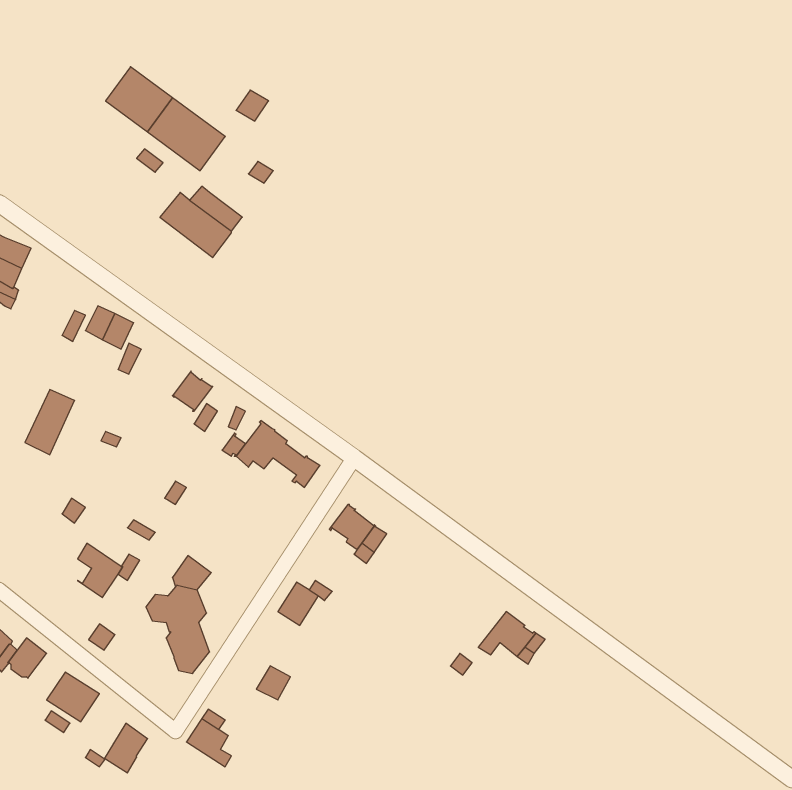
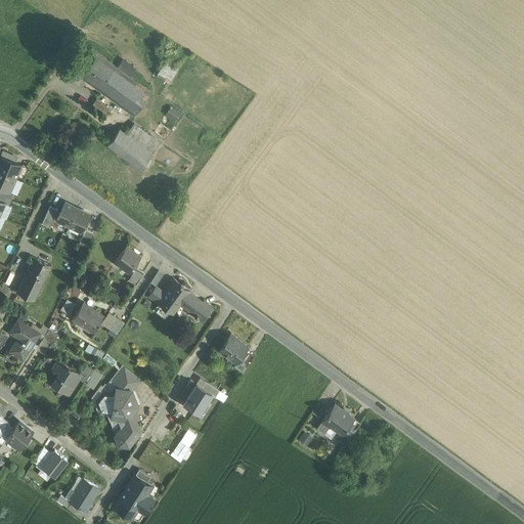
building: none -> [71,303,102,333]
building: none -> [8,320,39,361]
building: none -> [113,491,148,519]

